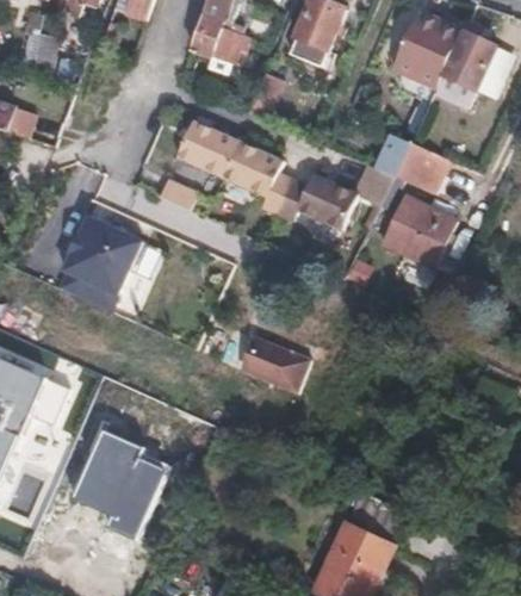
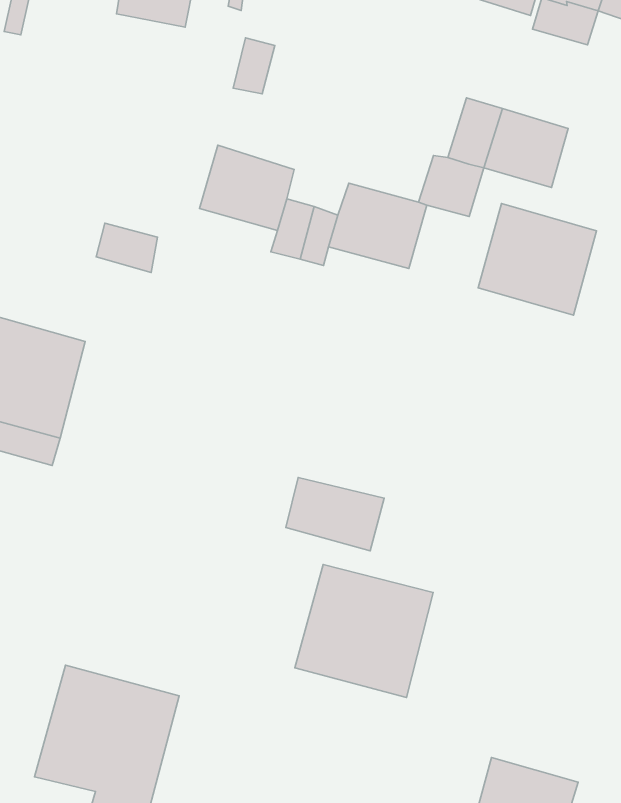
building: [178,116,238,172] -> none
building: none -> [295,564,433,697]

